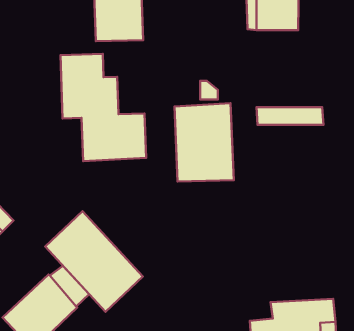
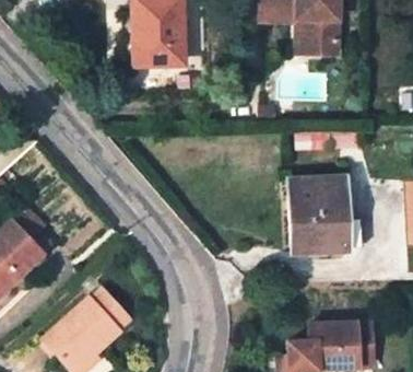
building: [60,54,146,161] -> none
building: [174,103,234,181] -> [290,174,349,252]
building: [45,211,143,312] -> none

